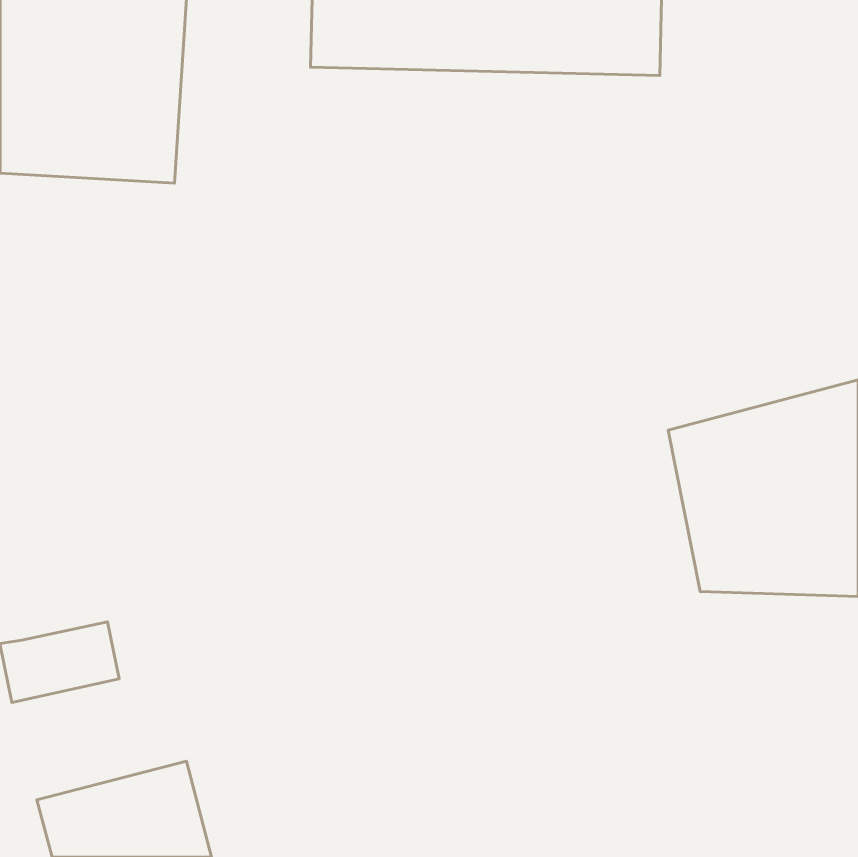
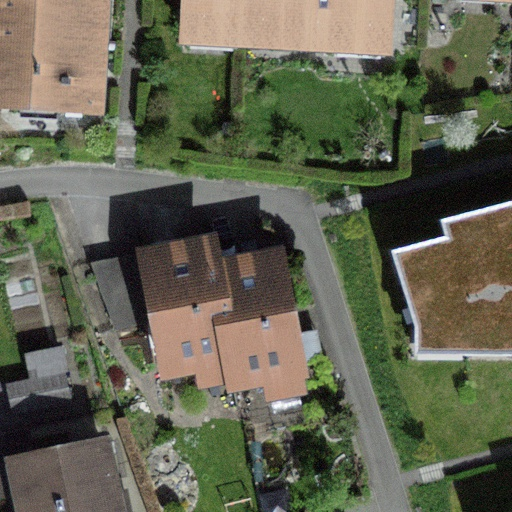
building: none -> [91,243,301,388]

